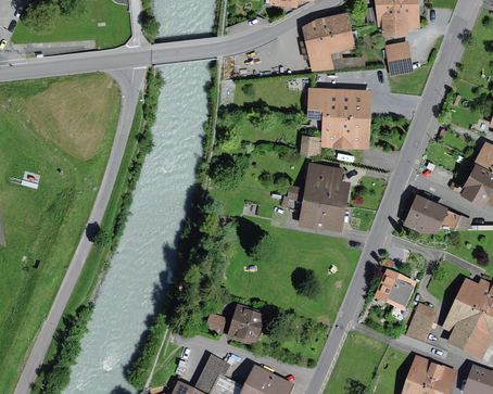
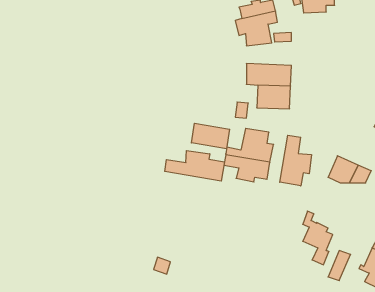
building: [384,45,413,78] -> none
building: none -> [191,123,230,149]
building: none -> [280,135,311,186]
building: none -> [165,151,224,181]
building: [231,309,260,341] -> none

